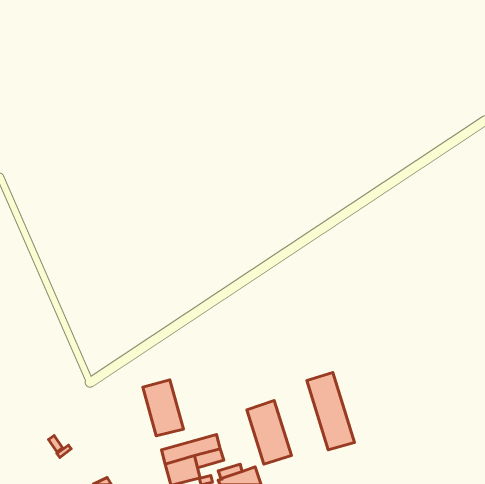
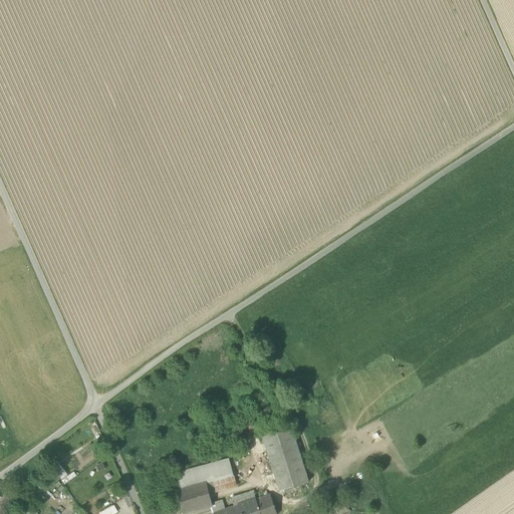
building: [307,373,355,450] -> none
building: [143,380,183,436] -> none

